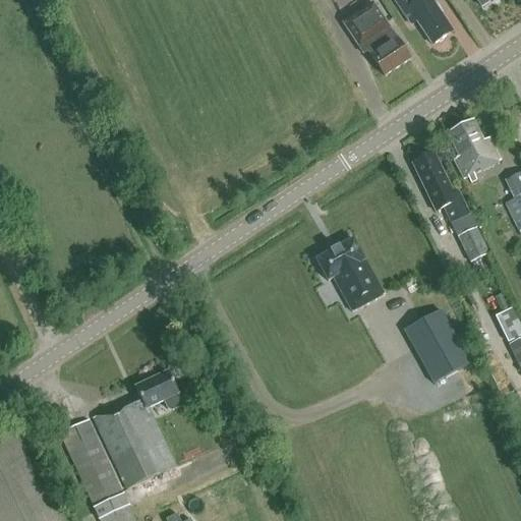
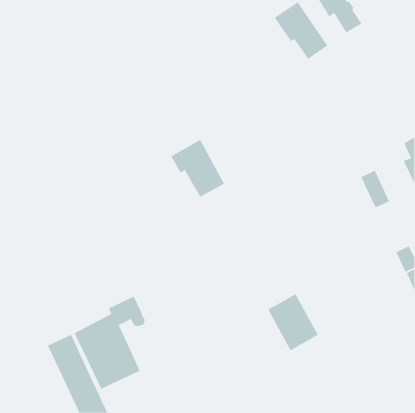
building: [449,119,502,177] -> none
building: [414,152,470,222] -> none
building: [316,236,385,309] -> [171,139,225,198]
building: [405,310,469,383] -> [267,293,318,351]

